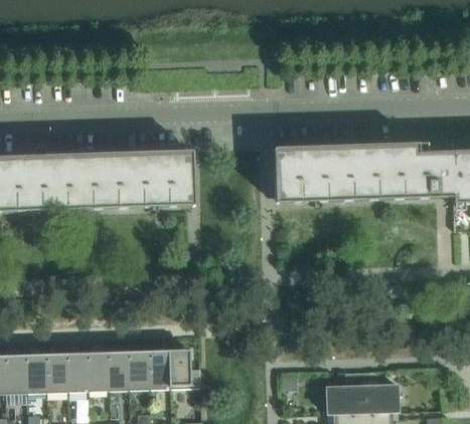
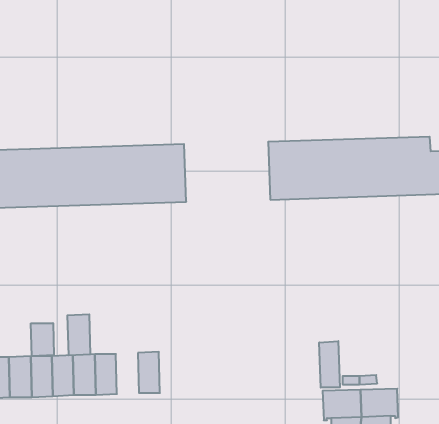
building: none -> [31,323,54,356]
building: none -> [319,341,340,388]
building: [168,348,200,387] -> none
building: [127,349,149,388] -> [67,314,90,355]

